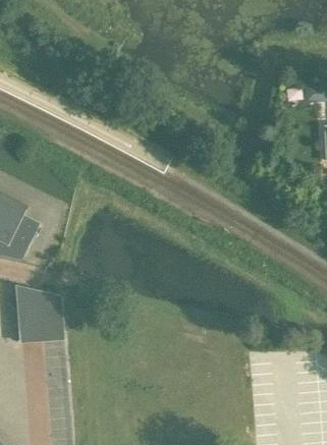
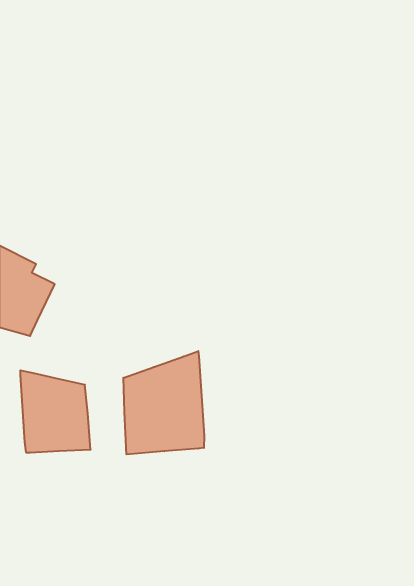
building: none -> [123,351,204,454]

